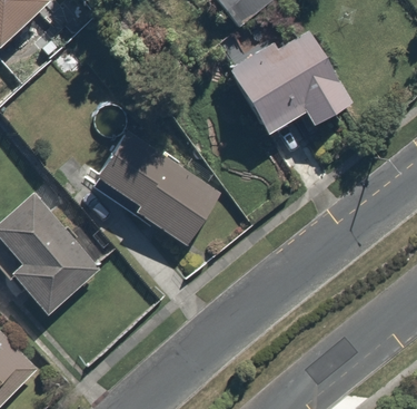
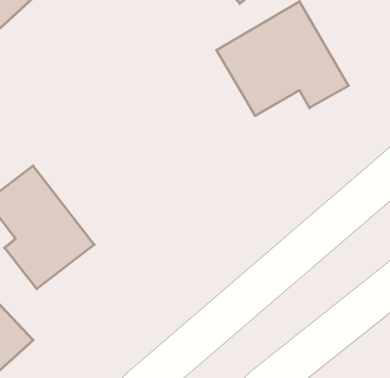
building: [92,128,221,250] -> none

